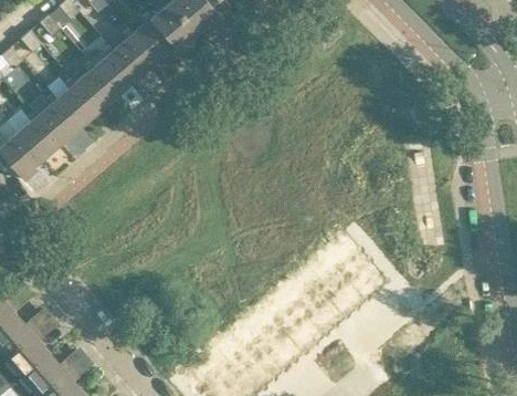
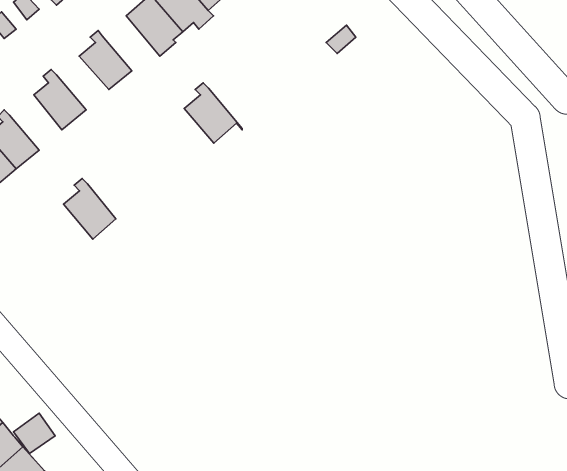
building: [130,13,178,63] -> [184,83,242,143]
building: [93,45,136,95] -> none
building: [54,79,97,128] -> [63,179,116,239]

